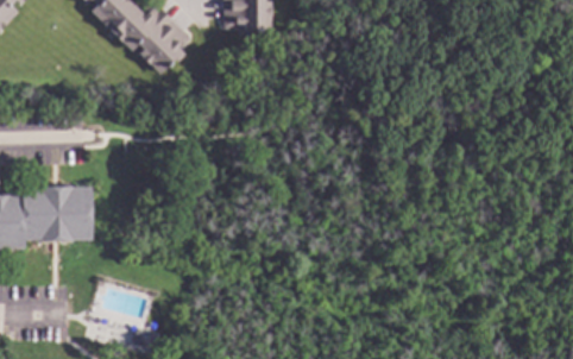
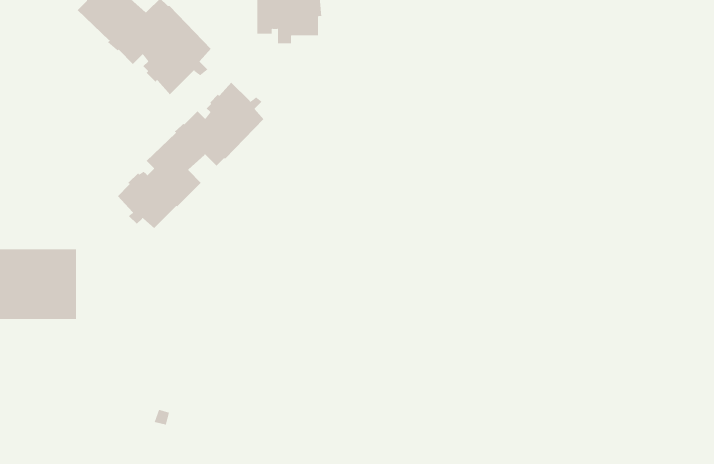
building: none -> [117,82,264,229]

